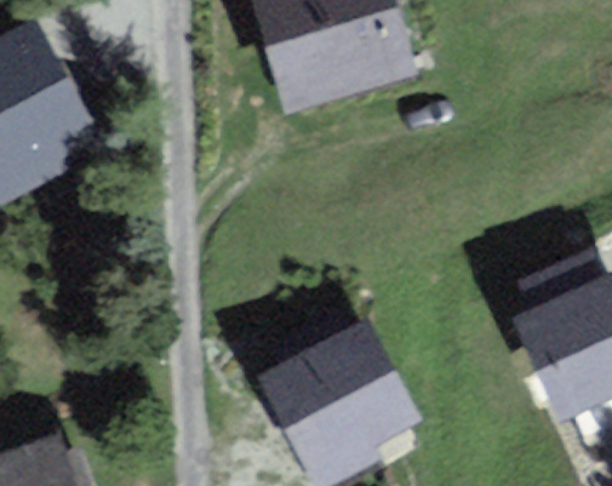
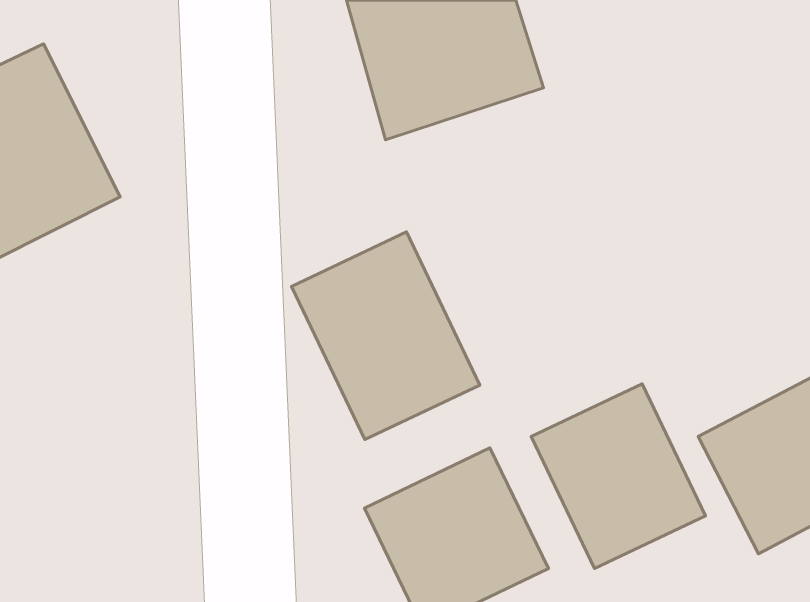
building: none -> [291,232,480,439]
building: none -> [531,384,706,569]

